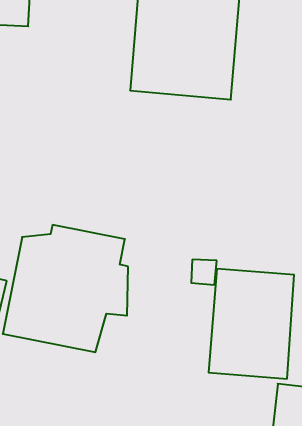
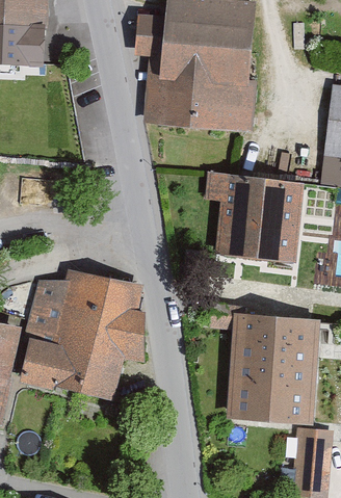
building: none -> [208,182,305,270]

